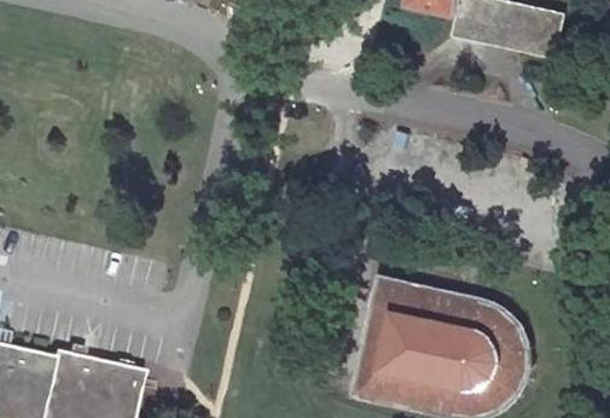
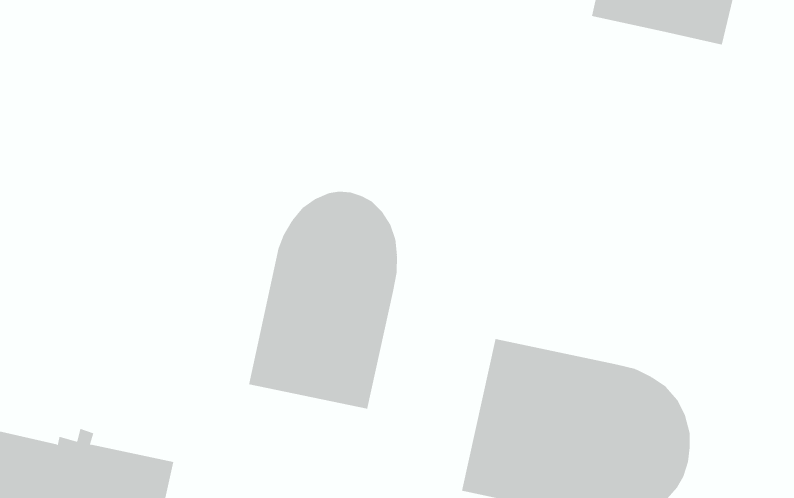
building: none -> [248,191,397,410]

